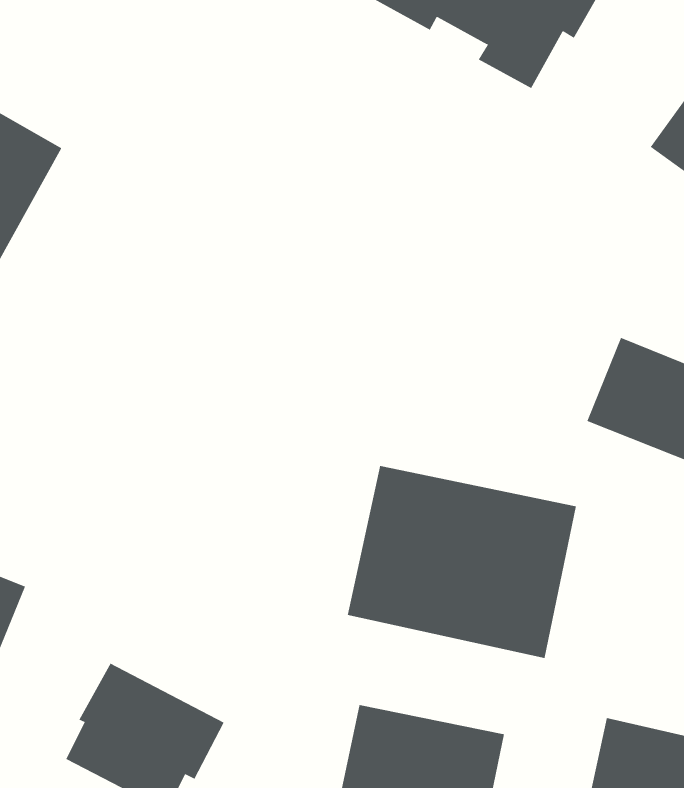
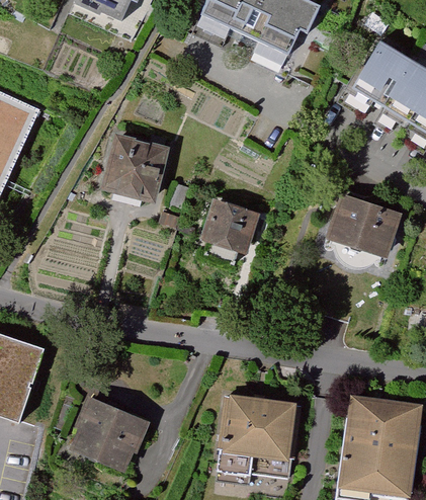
building: none -> [101,131,169,198]
building: none -> [197,202,254,259]
building: [347,465,577,659] -> none

